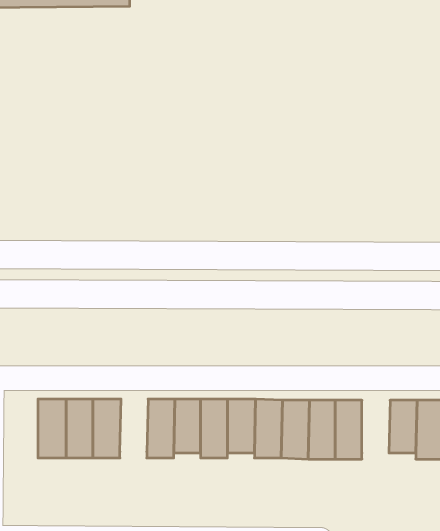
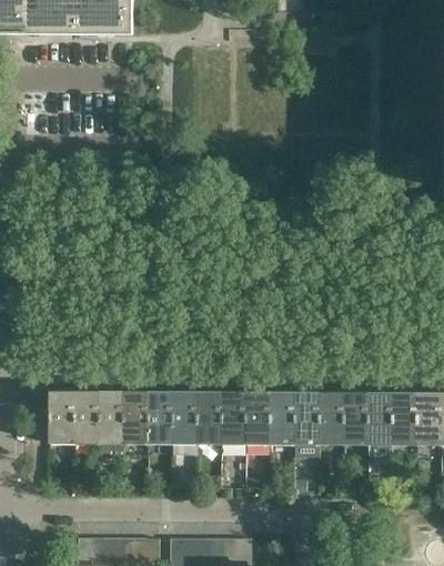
building: none -> [124,392,150,439]
building: none -> [344,393,370,441]

